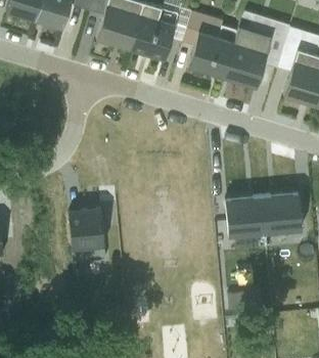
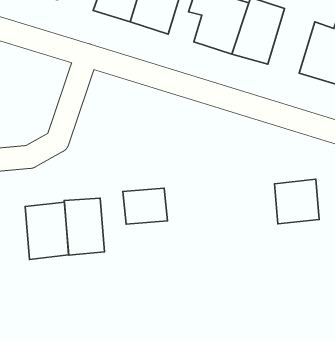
building: [226,196,265,236] -> none
building: none -> [123,188,167,224]
building: none -> [25,202,69,259]

